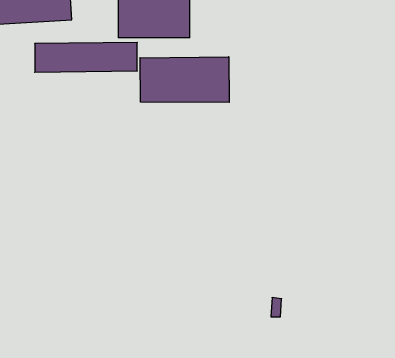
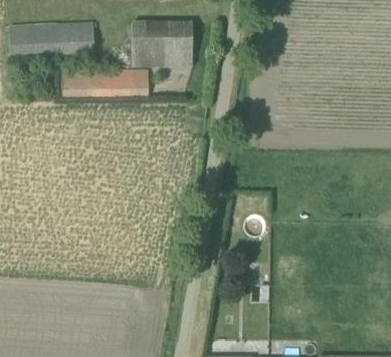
building: [140,57,229,102] -> none

